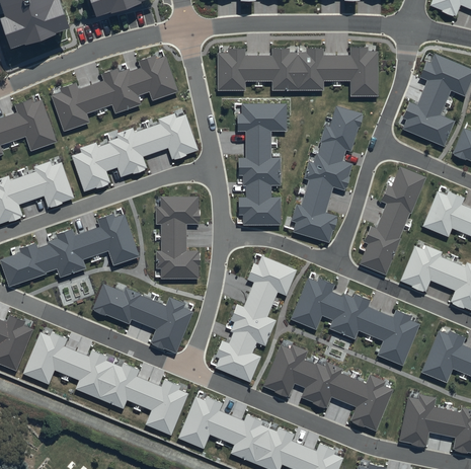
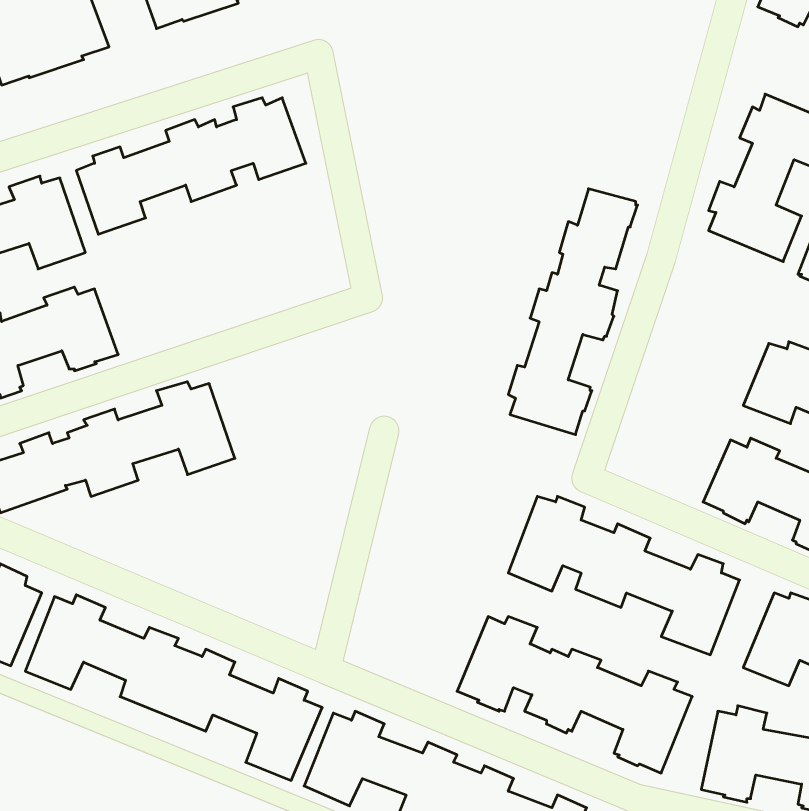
building: [218,48,378,96] -> none
building: [237,103,287,225] -> none
building: [71,113,199,192] -> none
building: [360,167,426,276] -> none
building: [156,197,201,280] -> none
building: [215,256,297,383] -> none
building: [92,284,193,354] -> none

